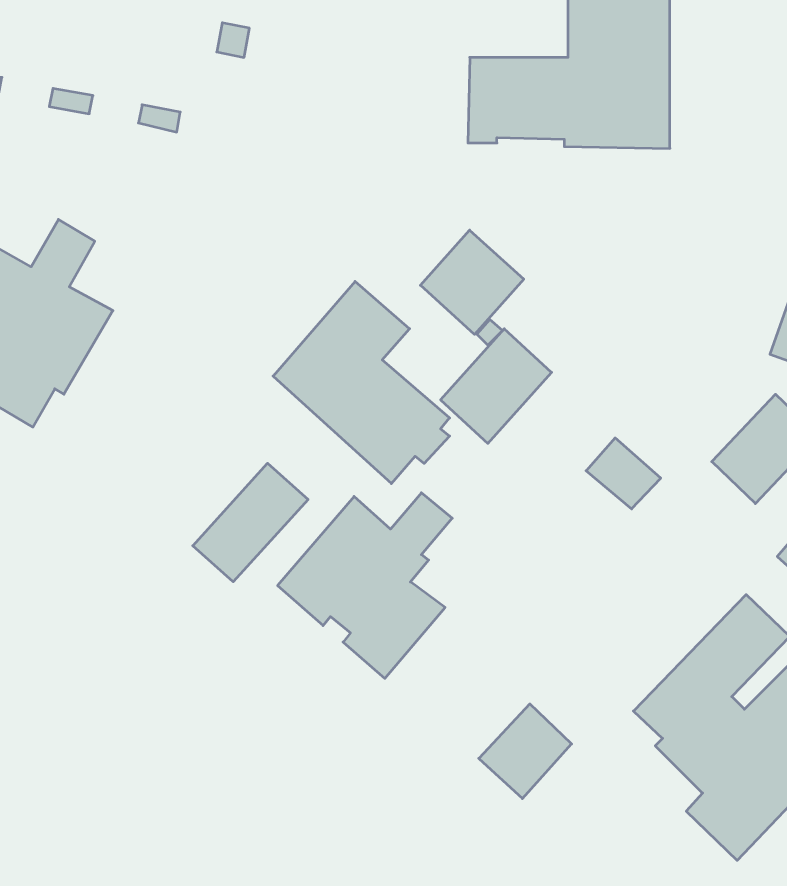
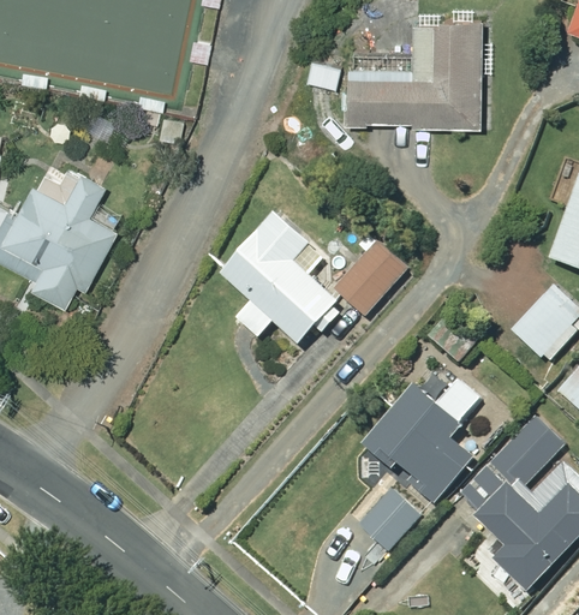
building: [420,230,524,334] -> none
building: [193,463,308,582] -> none
building: [278,493,452,678] -> [362,382,477,504]

